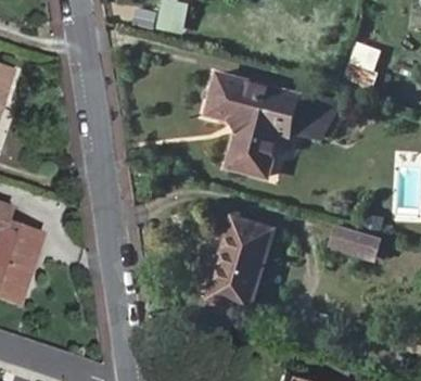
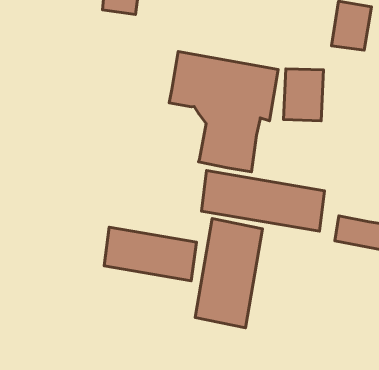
building: none -> [202,171,325,231]
building: none -> [104,227,196,281]

